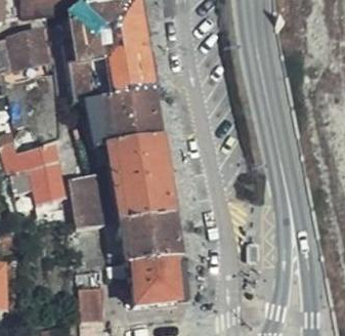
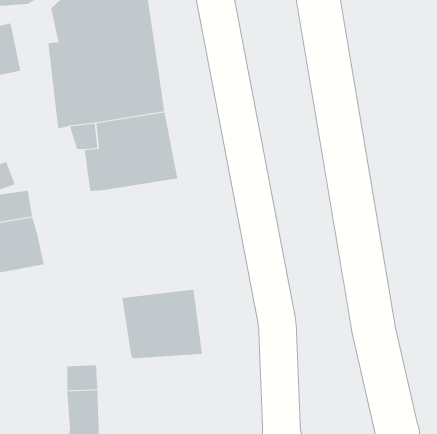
building: [73,136,172,227] -> none
building: [112,260,179,307] -> none

